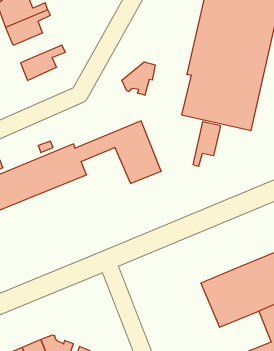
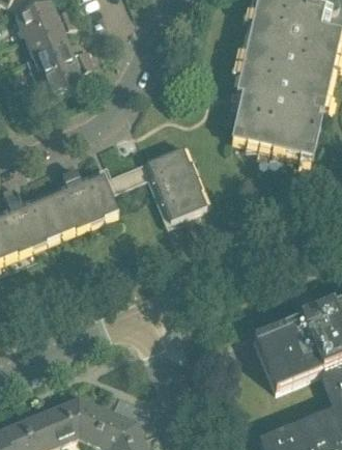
building: none -> [26,43,89,80]
building: [122,62,155,95] -> none
building: [193,121,221,166] -> none

